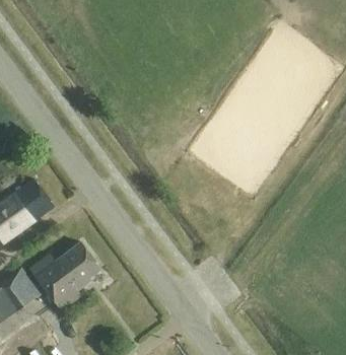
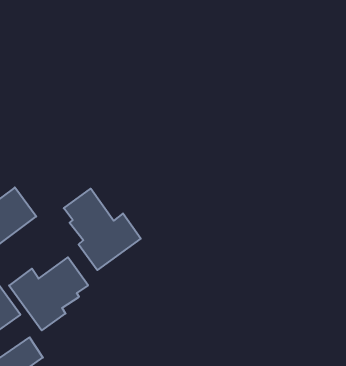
building: none -> [64,189,141,270]

